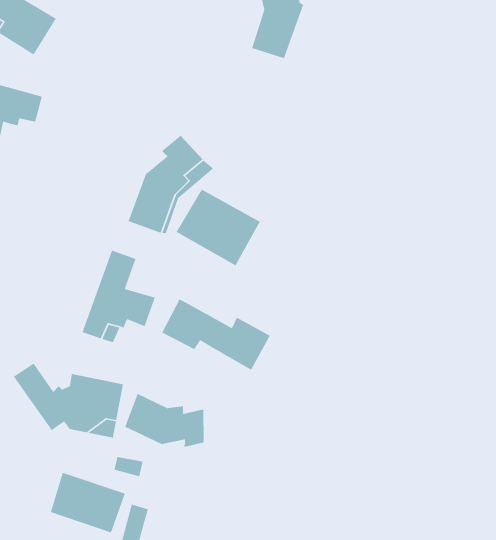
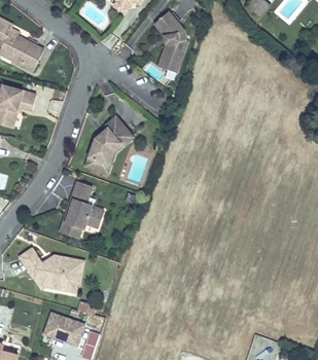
building: [175,189,261,266] -> none
building: [161,298,271,371] -> none
building: [124,393,204,448] -> none

